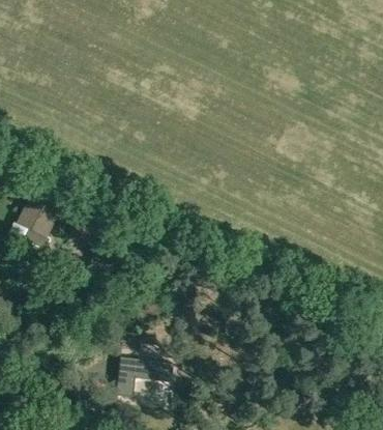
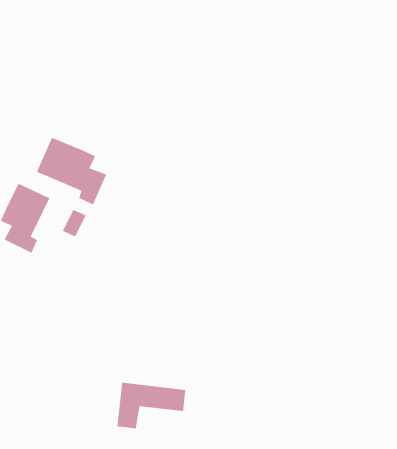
building: none -> [36,137,107,205]

